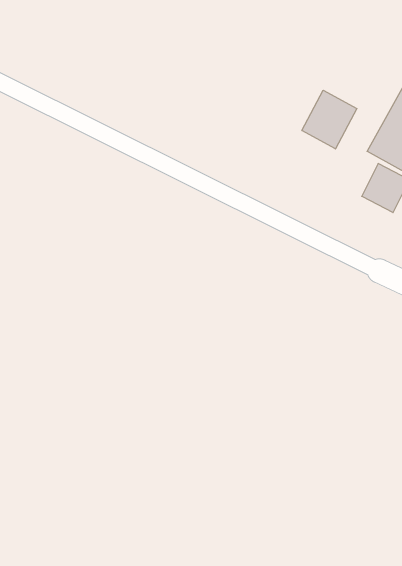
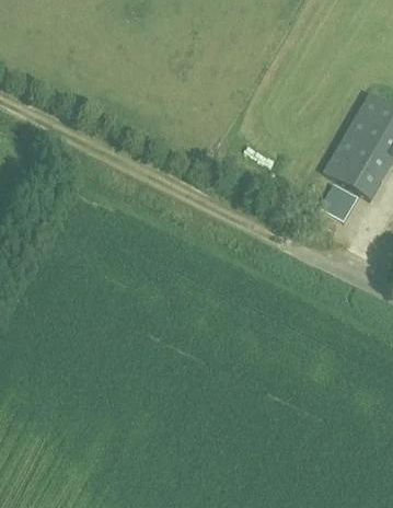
building: [302,90,357,149] -> none

